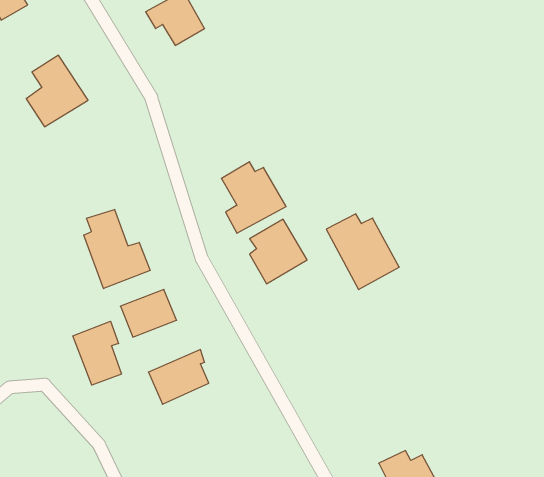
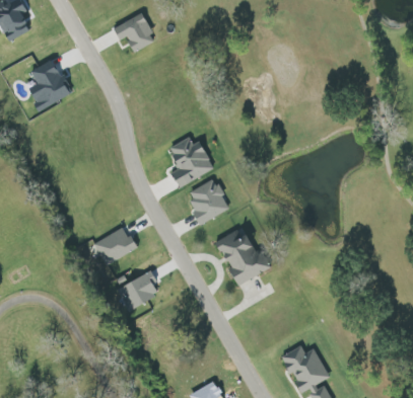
building: [84,209,150,289] -> none
building: [326,214,399,290] -> [216,230,269,285]
building: [73,321,121,385] -> none

